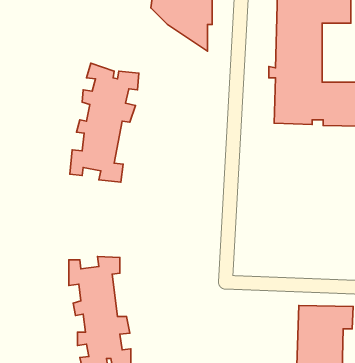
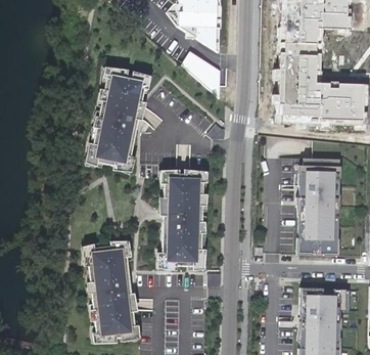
building: none -> [179,51,218,86]
building: none -> [296,158,339,254]
building: none -> [160,171,211,275]

